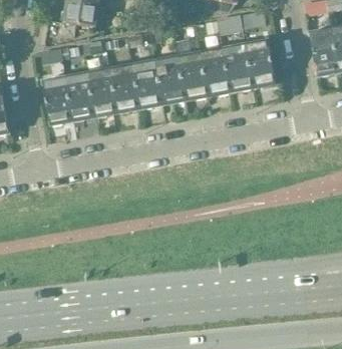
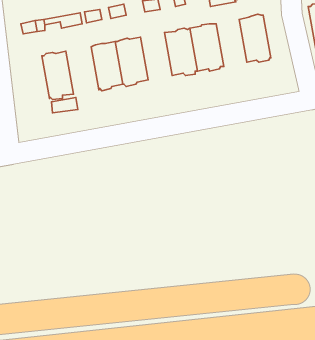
building: [226,44,254,88] -> none
building: [156,57,186,100] -> none
building: [88,70,118,114] -> none
building: [43,78,73,122] -> none

